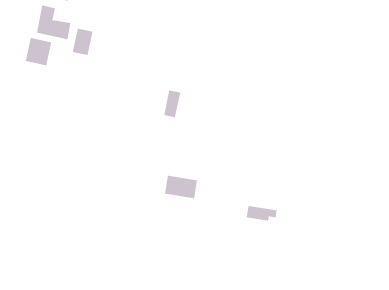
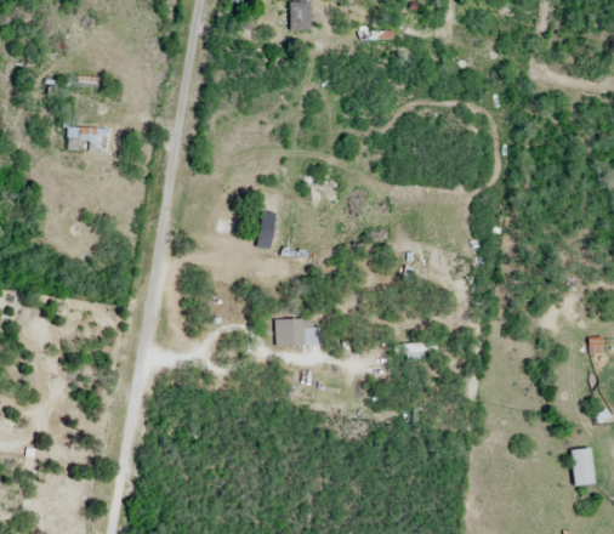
building: [72,28,93,56] -> none
building: [25,37,52,66] -> none

